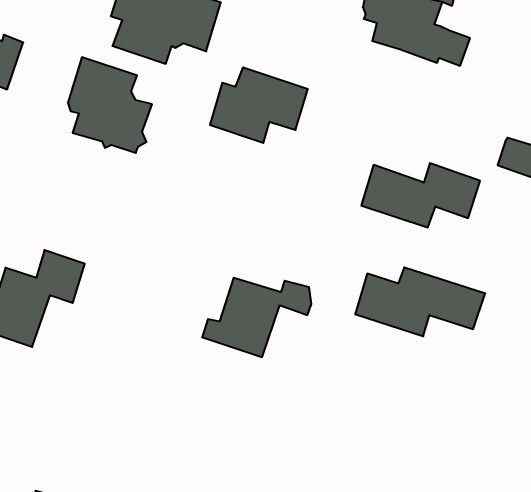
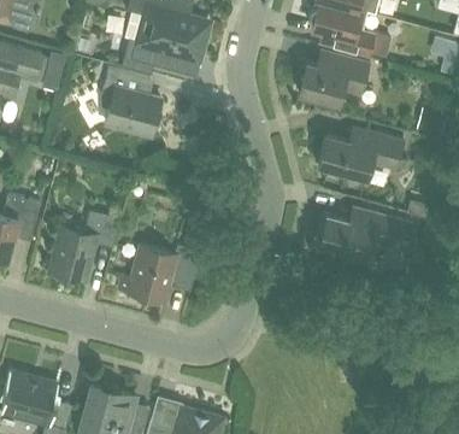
building: [210,67,308,143] -> [299,52,369,106]
building: [202,278,311,357] -> [119,247,198,304]

